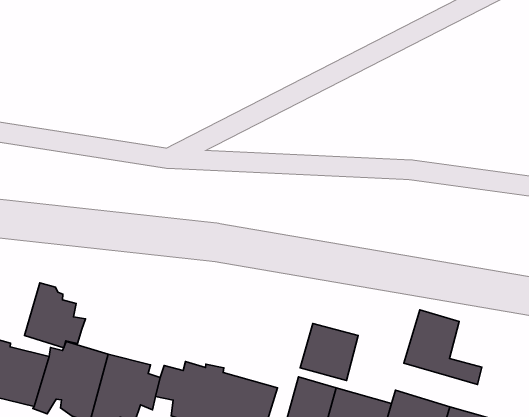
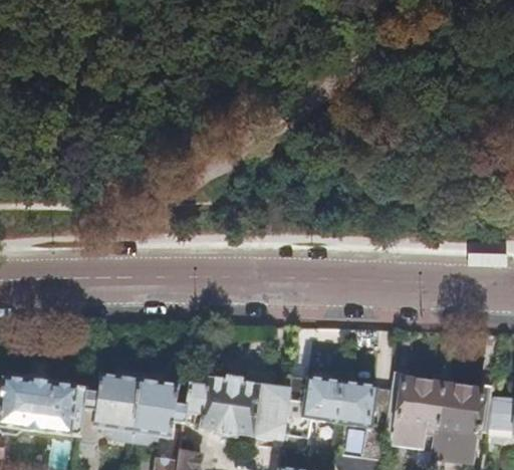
building: [25,283,85,348] -> none
building: [404,310,482,385] -> none
building: [300,323,358,380] -> none

